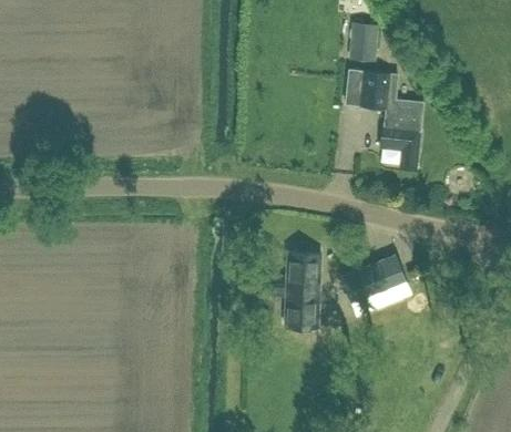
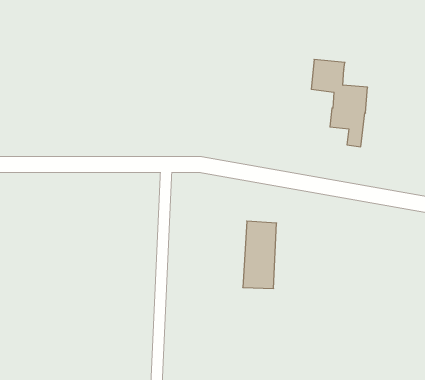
building: [348,23,376,51] -> none
building: [340,256,405,304] -> none

